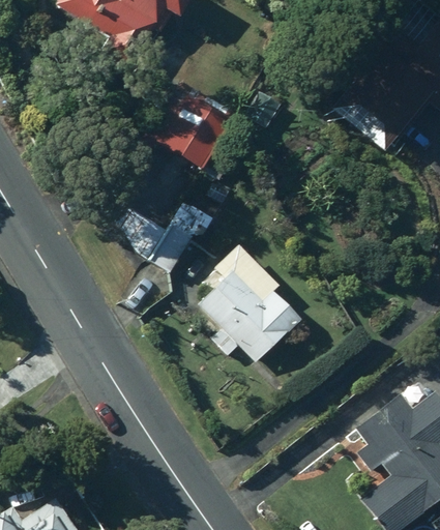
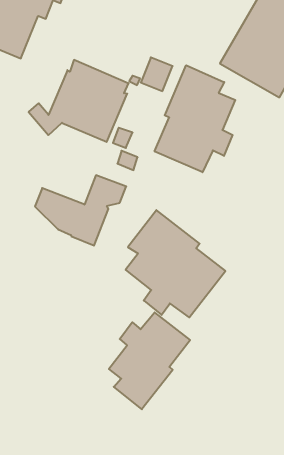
building: none -> [155,65,235,172]
building: none -> [109,312,190,409]

